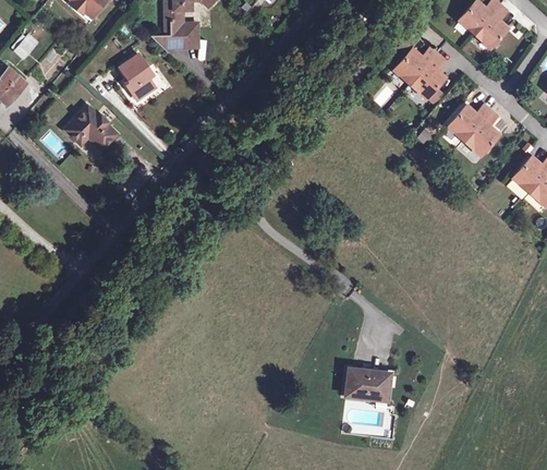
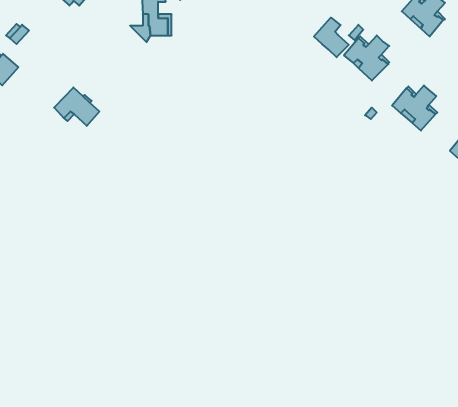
building: none -> [314,18,349,57]
building: [119,53,156,100] -> none
building: [352,365,397,397] -> none

